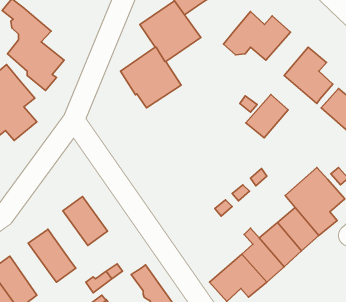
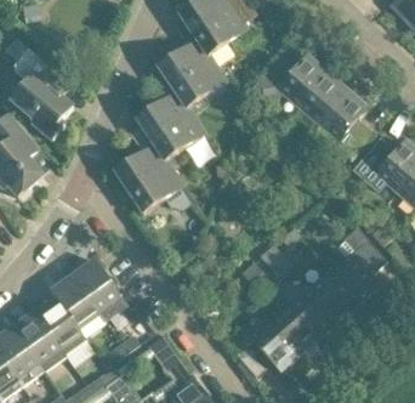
building: none -> [114,143,189,212]
building: [246,95,288,138] -> [299,74,346,123]
building: none -> [50,274,100,333]
building: none -> [12,311,61,369]

